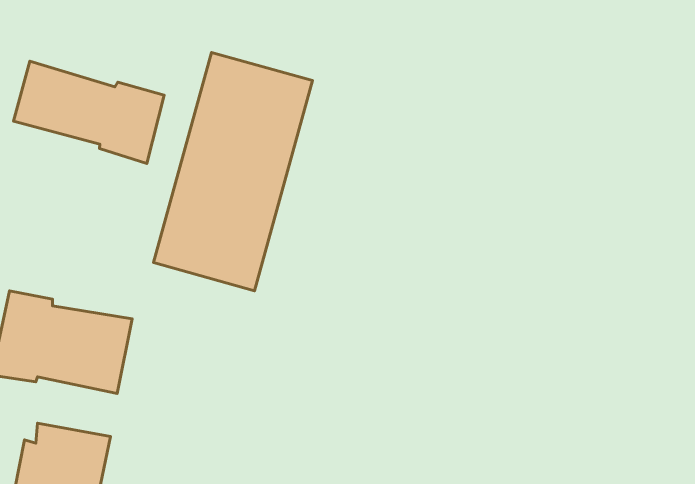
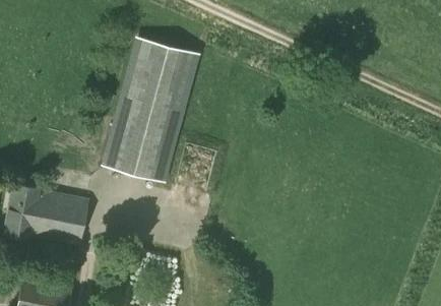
building: [14,61,164,164] -> none

